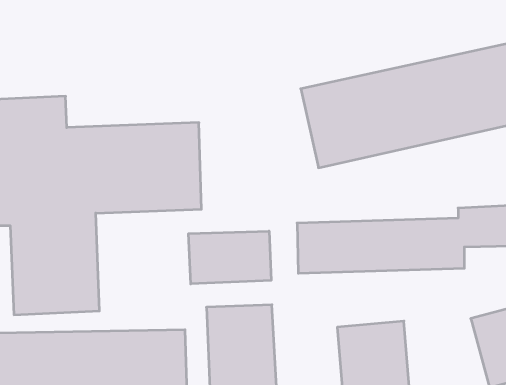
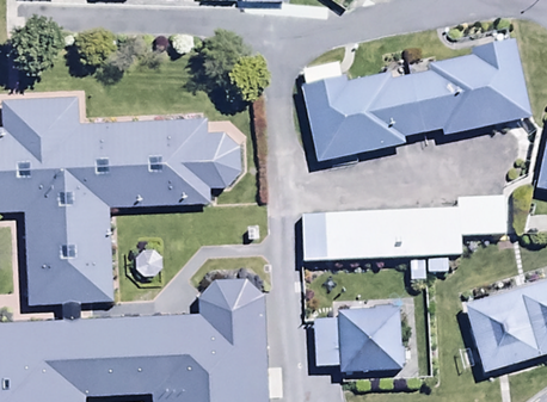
building: [189,231,271,284] -> none

